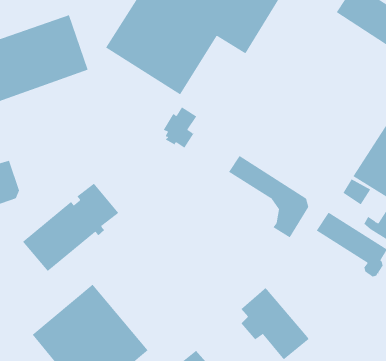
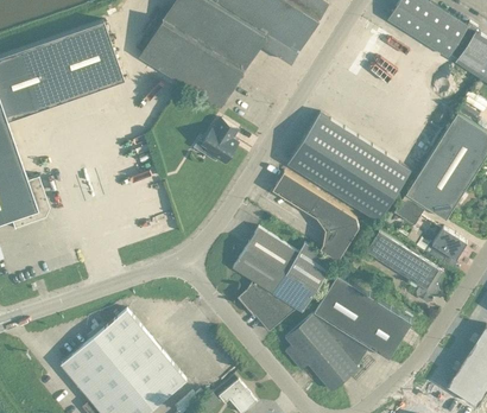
building: none -> [286,114,410,221]
building: [22,183,119,272] -> none
building: none -> [232,228,334,332]
building: none -> [311,277,411,367]

